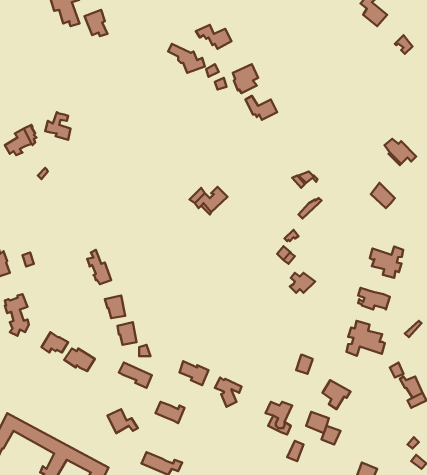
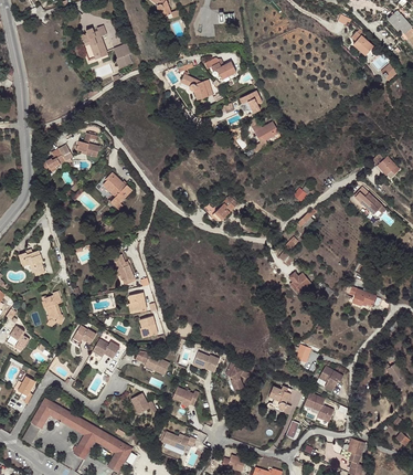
building: none -> [102,172,131,211]
building: [370,246,403,278] -> none
building: [347,321,385,356] -> none

